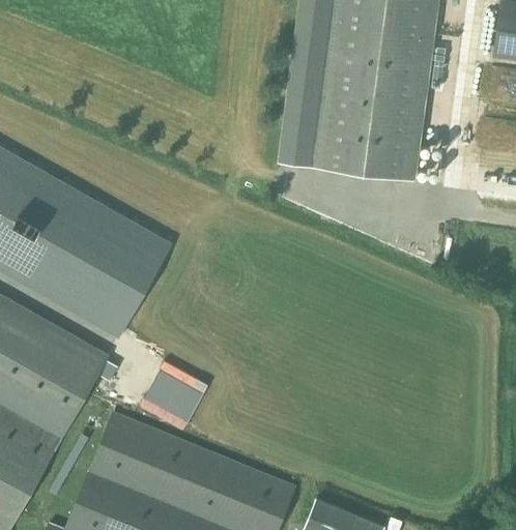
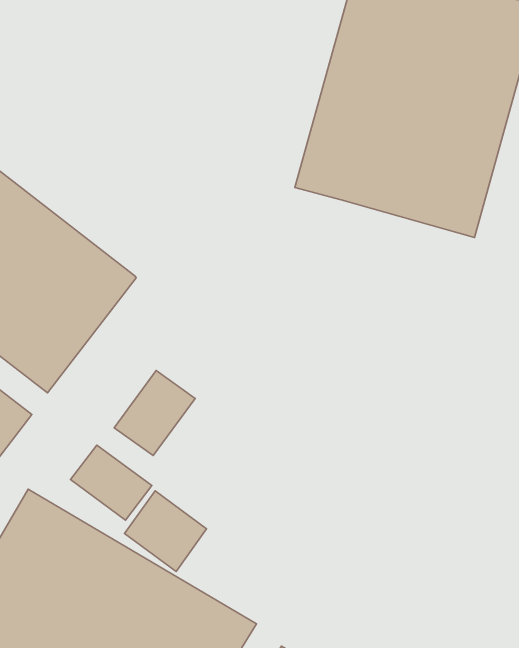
building: none -> [114,371,195,456]
building: none -> [125,491,207,571]

